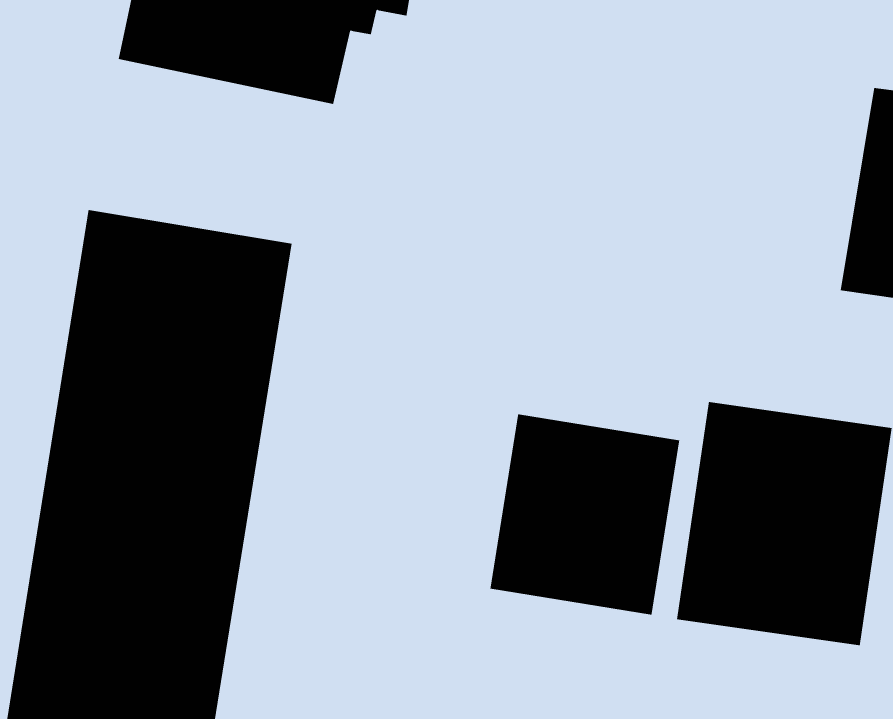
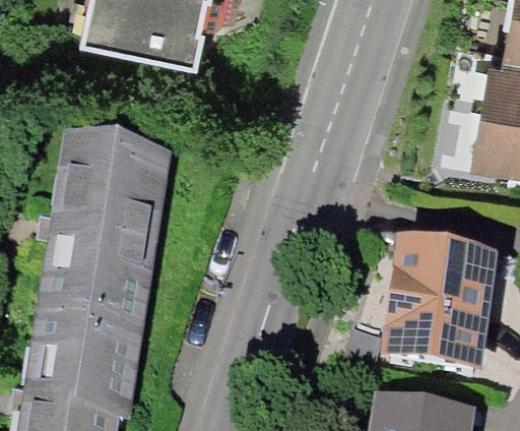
building: [490,413,680,616] -> none

